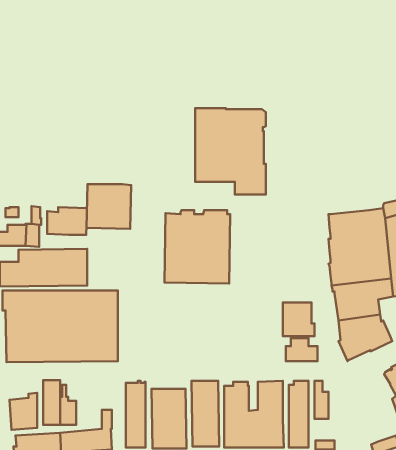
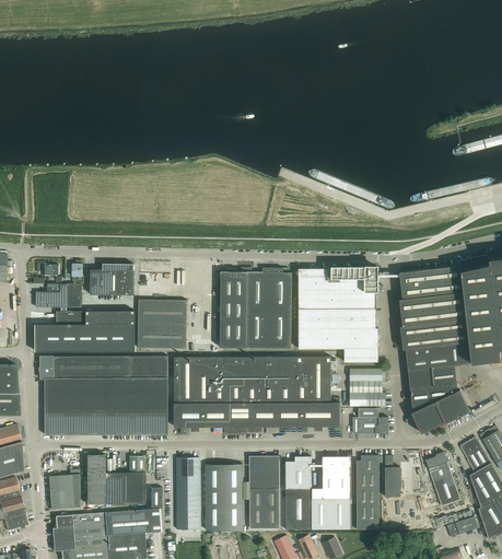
building: [195,108,266,195] -> [300,268,377,363]
building: [87,184,131,229] -> [138,300,187,349]
building: none -> [175,357,340,434]
building: none -> [425,452,460,506]
building: none -> [122,456,144,503]

